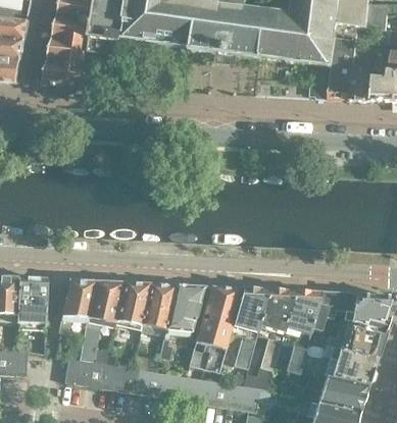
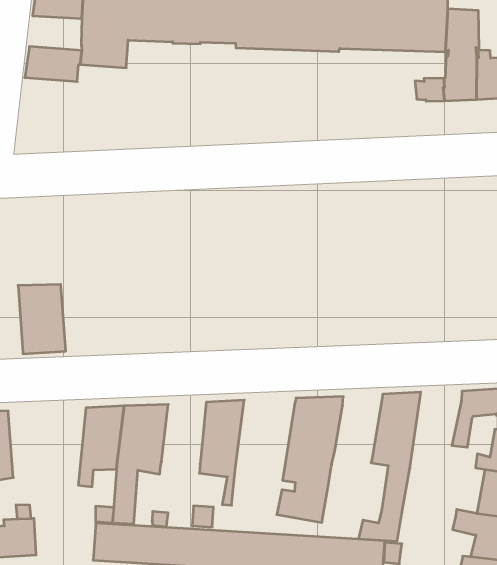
building: [54,14,91,41] -> none
building: [42,55,87,85] -> none
building: [15,276,45,323] -> [18,284,66,354]
building: [115,282,149,326] -> none
building: [159,284,203,355] -> none
building: [229,288,267,368] -> none
building: [281,290,320,374] -> none

